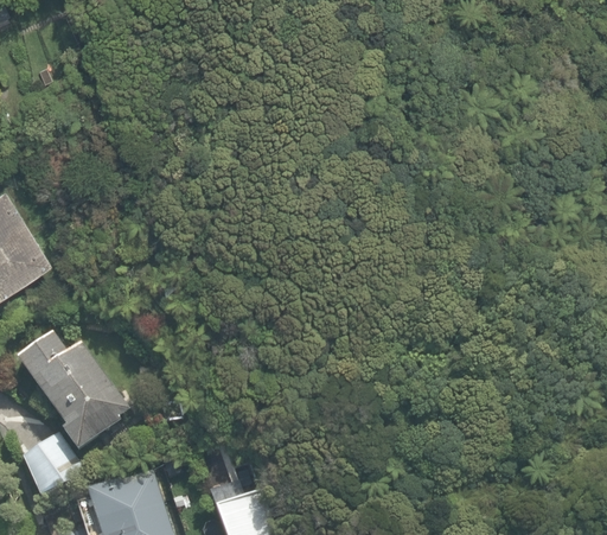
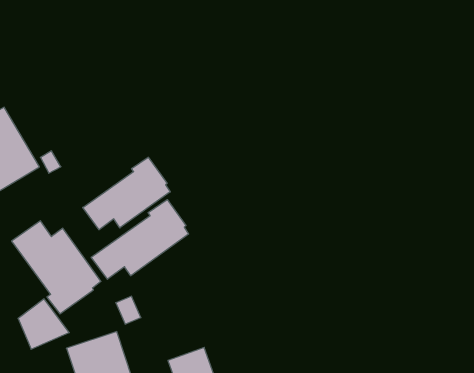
building: none -> [83,157,170,230]
building: none -> [91,200,189,279]

